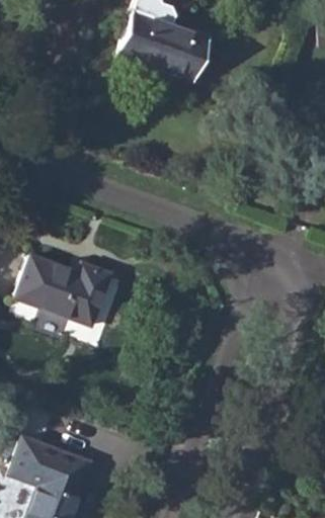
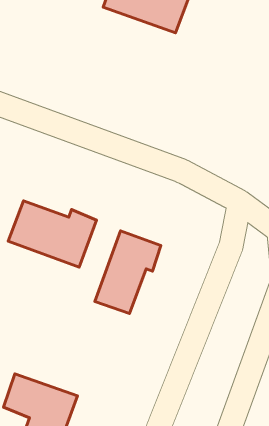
building: none -> [95,231,161,314]

